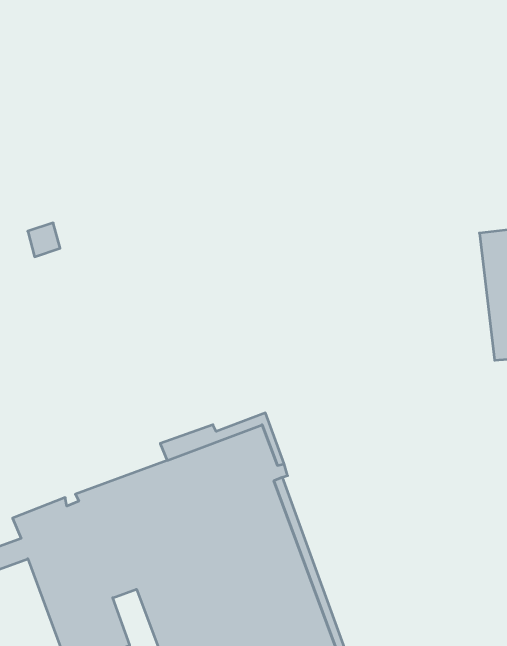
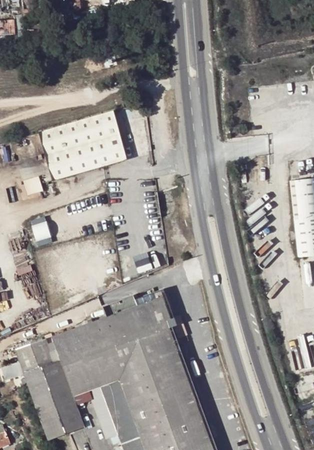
building: none -> [40,112,125,179]

